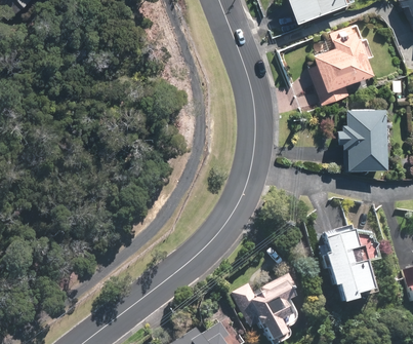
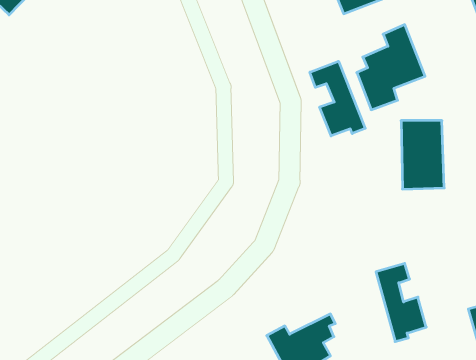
building: none -> [310,61,365,136]

